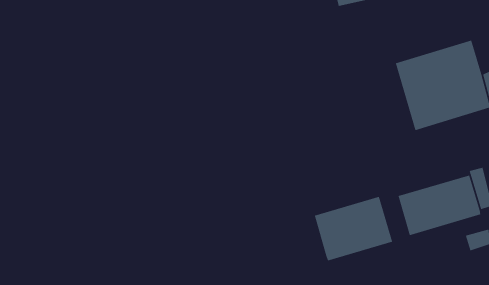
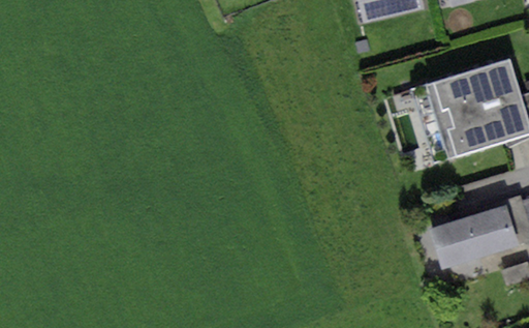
building: [314,196,393,262] -> none

